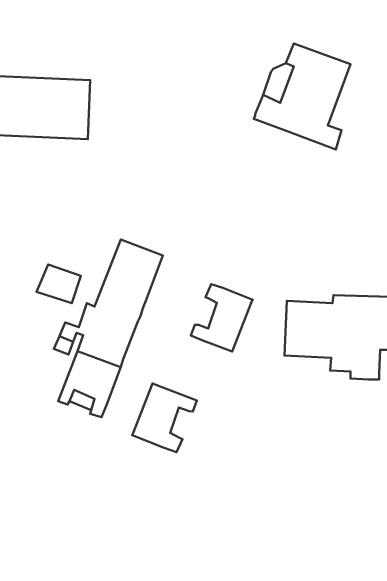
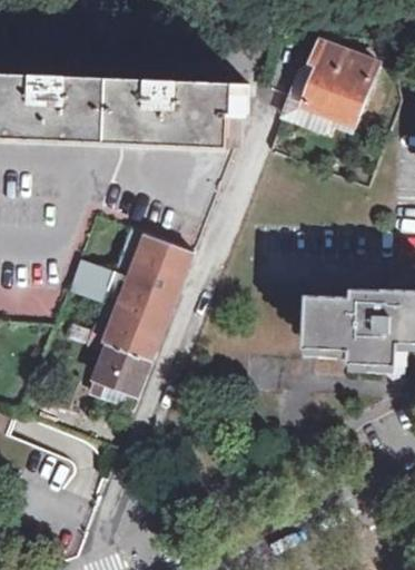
building: none -> [118,79,246,142]
building: [191,284,253,352] -> none
building: [132,383,197,452] -> none

